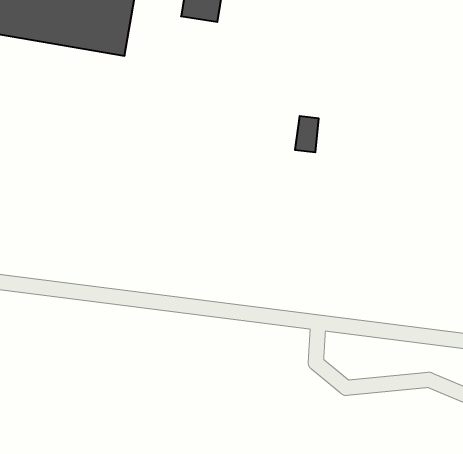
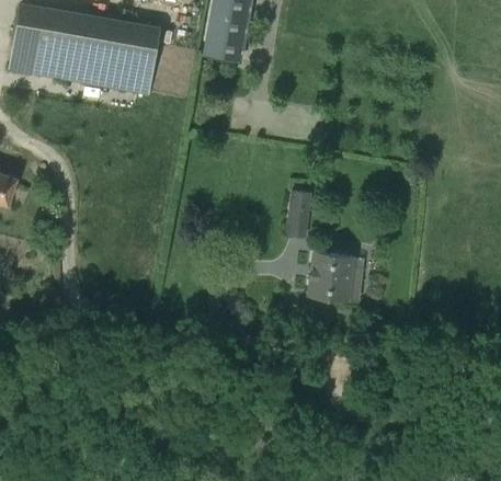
building: [295,116,319,152] -> [287,190,310,225]
building: none -> [309,252,362,300]

